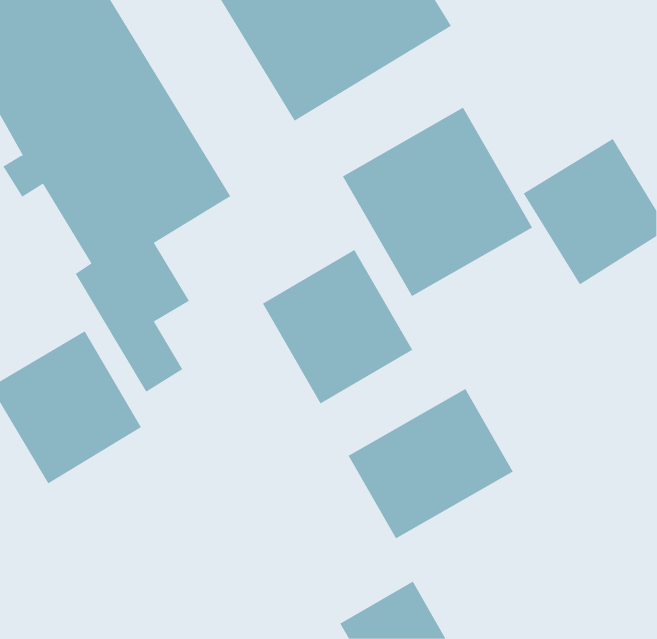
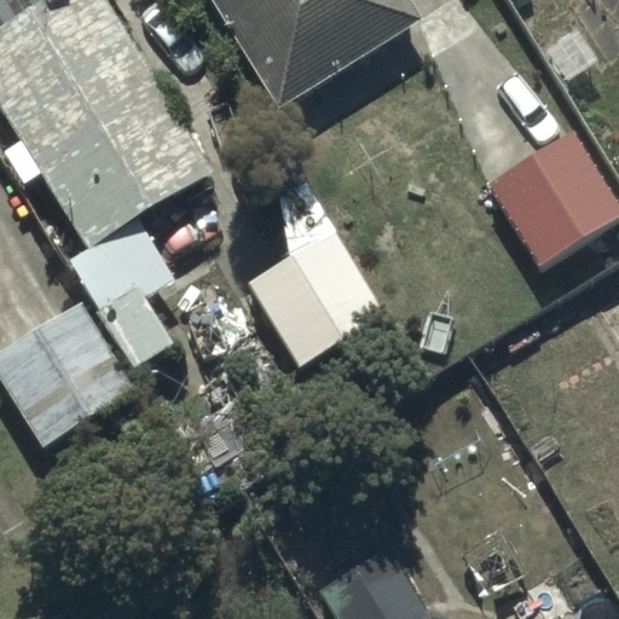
building: [342,107,533,297] -> none
building: [348,388,514,539] -> none

